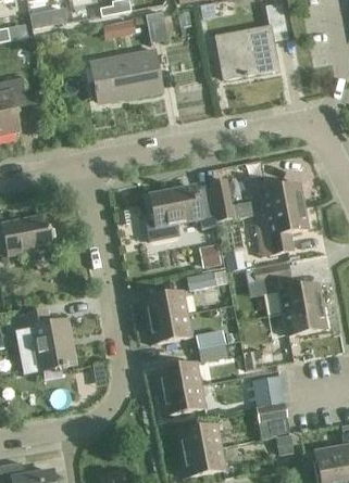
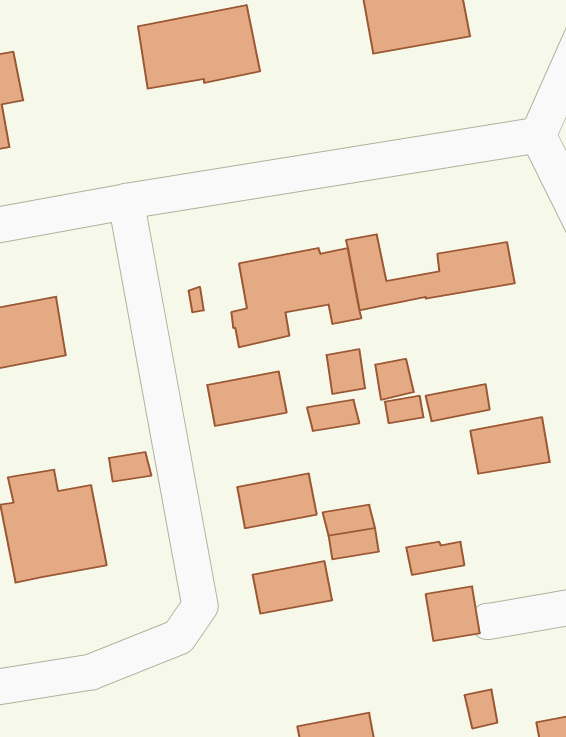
building: [253,206,308,256] -> none
building: [144,290,188,320] -> [207,372,287,426]
building: [283,306,327,335] -> none
building: [161,383,205,415] -> none
building: [253,402,289,433] -> none
building: [177,423,222,454] -> none

